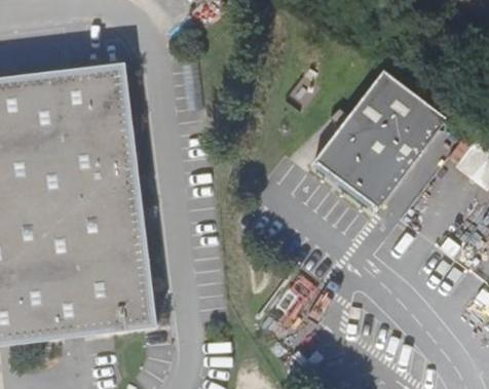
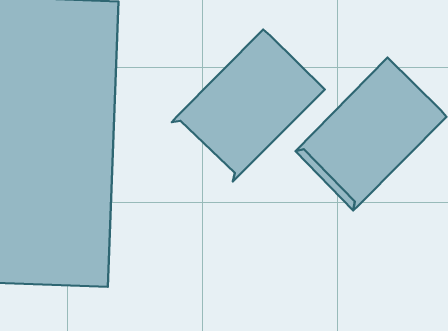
building: none -> [172,29,325,181]

